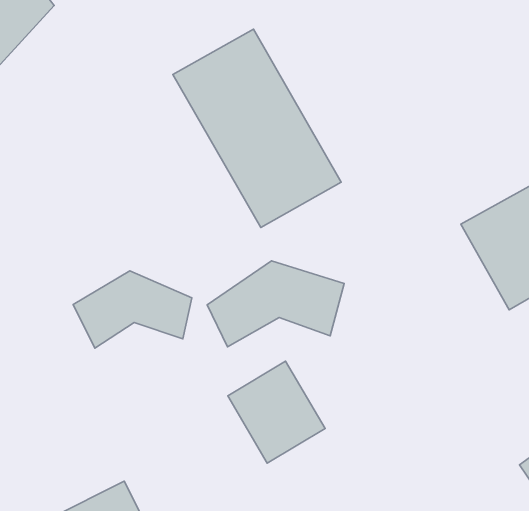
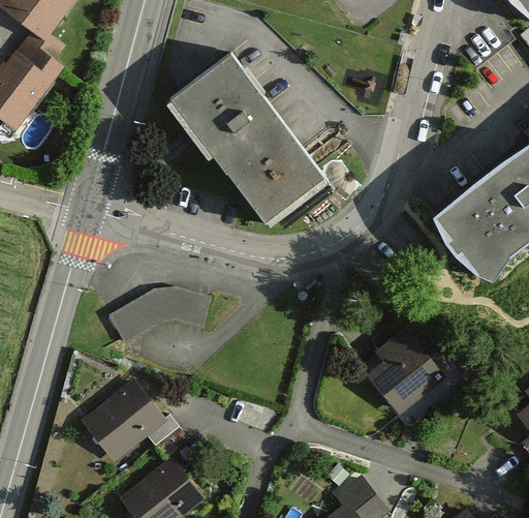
building: [207,261,344,347] -> none
building: [228,361,325,463] -> [357,323,442,409]
building: none -> [85,377,173,461]

